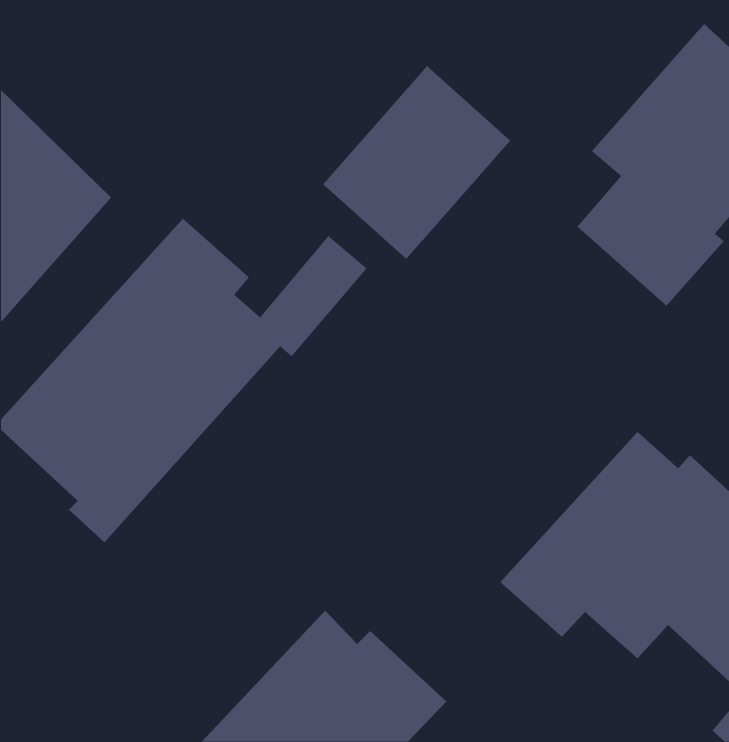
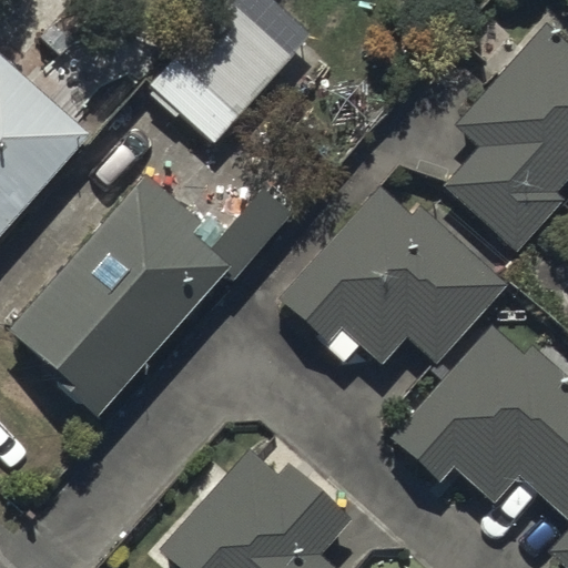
building: [322,65,511,260] -> [155,10,300,159]
building: none -> [281,173,510,357]

